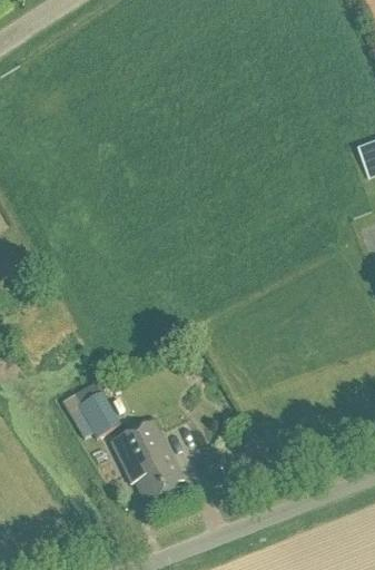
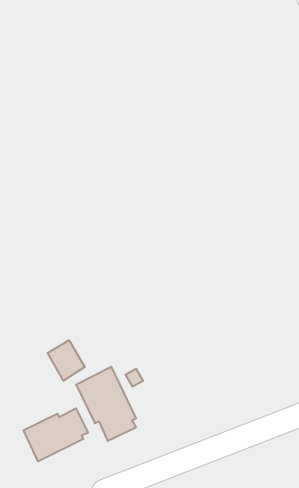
building: none -> [23,408,88,461]

